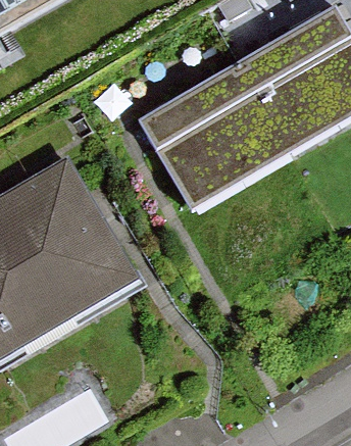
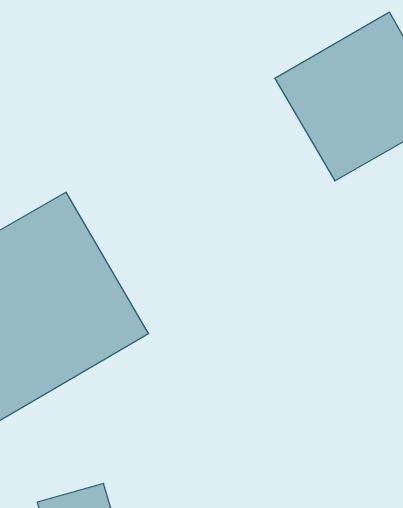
building: [142,66,285,204] -> none

